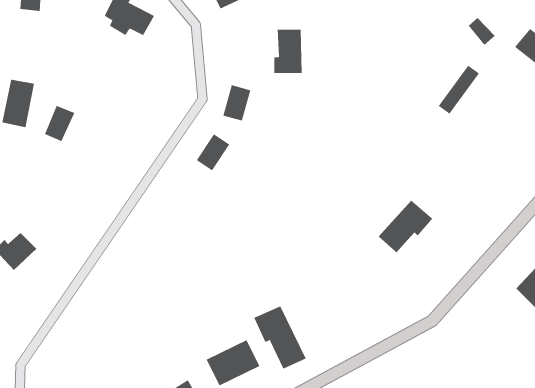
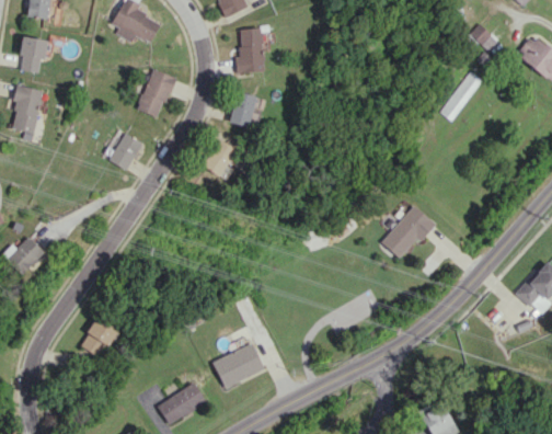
building: [274,29,302,73] -> [235,28,264,72]
building: none -> [20,37,45,72]
building: none -> [138,69,174,117]
building: [44,105,75,142] -> [111,134,141,170]
building: [253,306,306,370] -> none
building: none -> [79,317,117,357]

